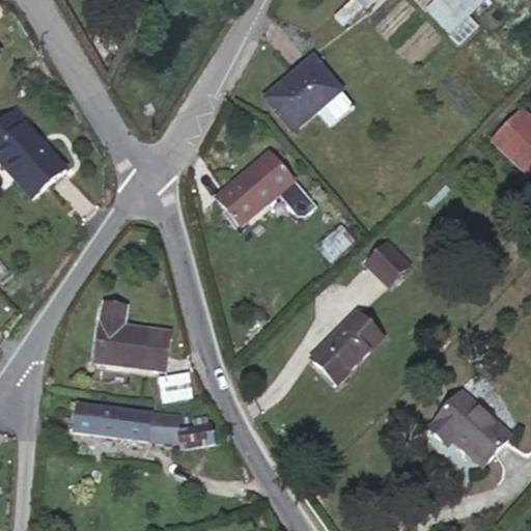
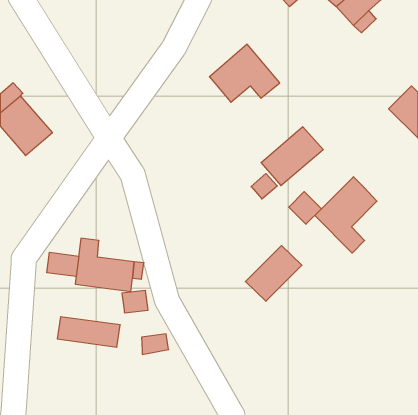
building: [216,150,295,225] -> [261,127,323,186]
building: none -> [315,177,377,253]
building: none -> [47,252,79,277]
building: [427,391,509,465] -> none
building: [148,412,180,444] -> none

